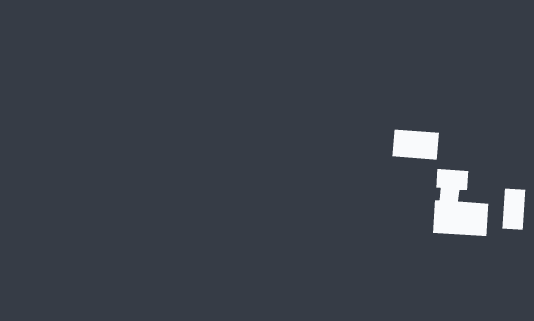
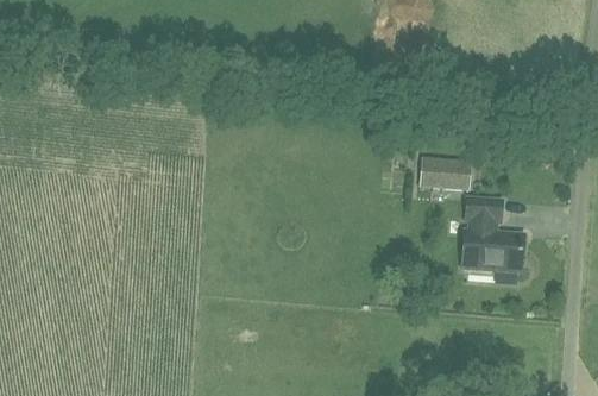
building: [501,188,526,230] -> none

